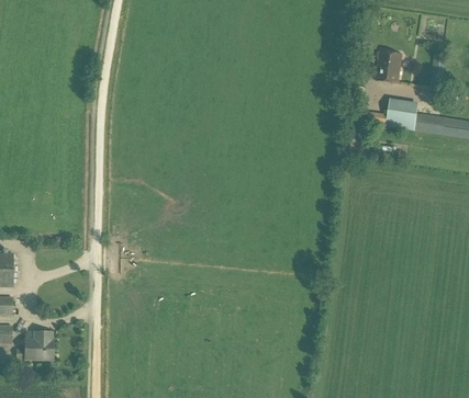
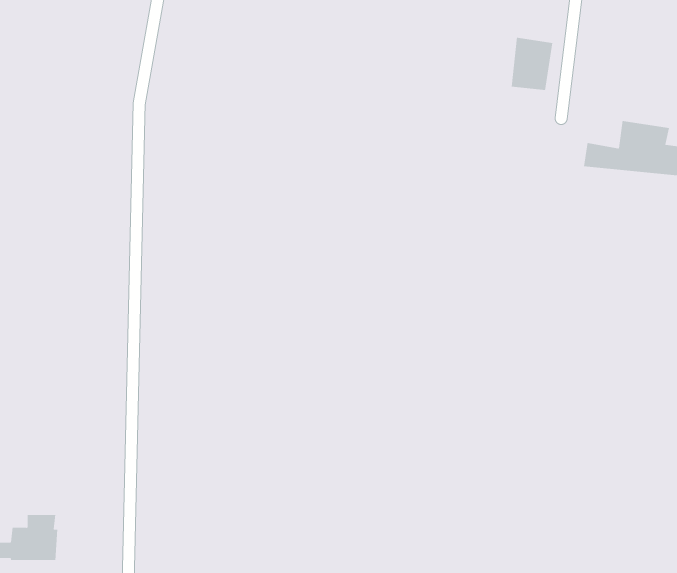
building: [376,50,401,82] -> [511,37,553,91]

